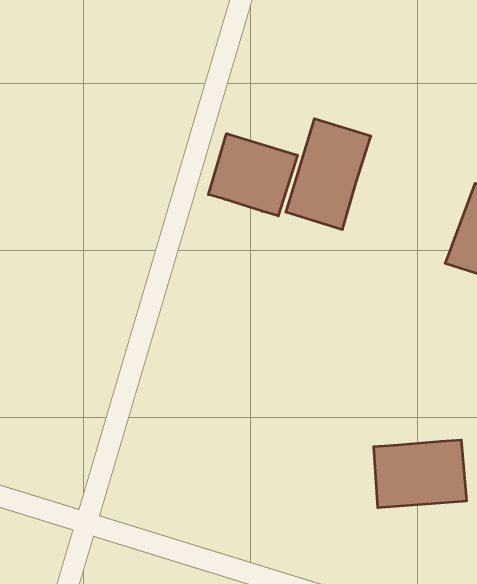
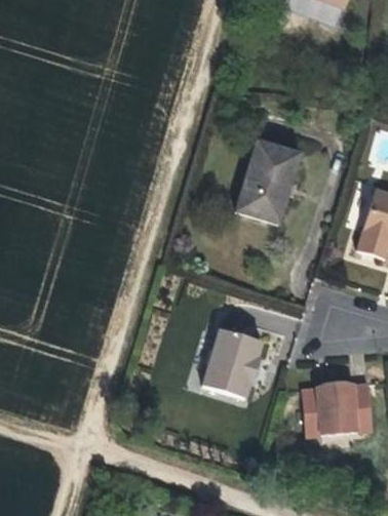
building: [208,134,297,216] -> none
building: none -> [202,327,262,397]

